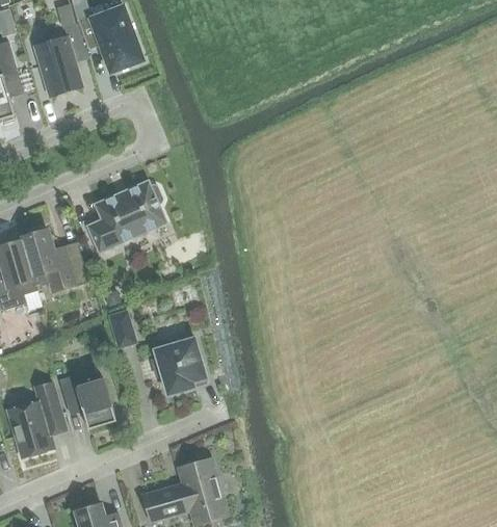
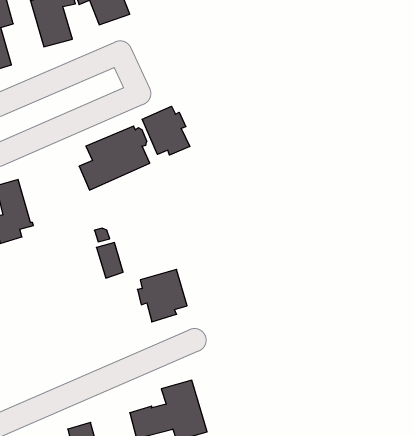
building: none -> [142,106,190,155]
building: [21,228,88,291] -> none
building: [59,371,116,428] -> none
building: [8,381,67,456] -> none

